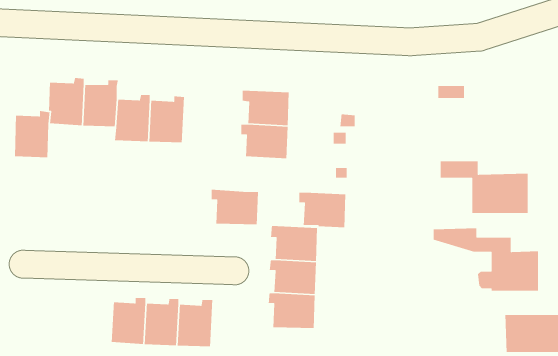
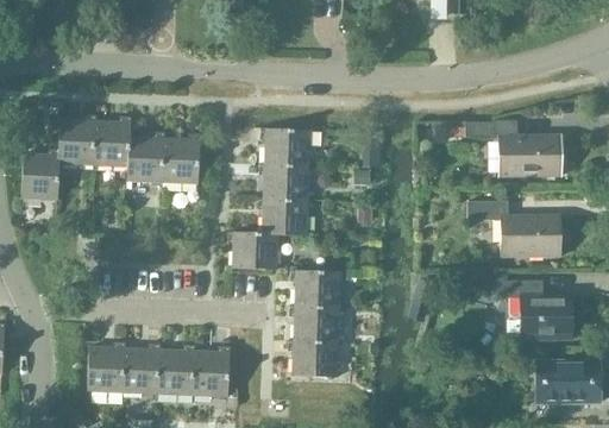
building: none -> [500,134,560,176]
building: [298,192,346,228] -> [258,197,308,235]
building: none -> [88,342,126,391]

